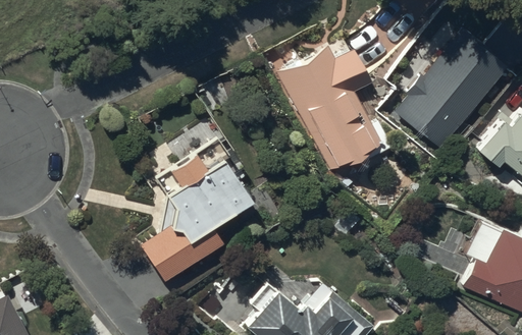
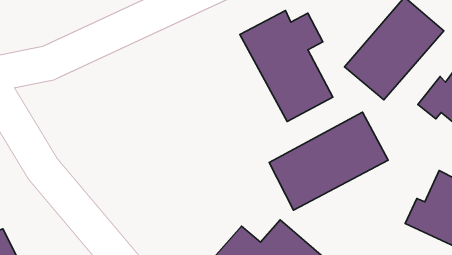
building: [141,153,254,281] -> none
building: none -> [269,112,388,210]

